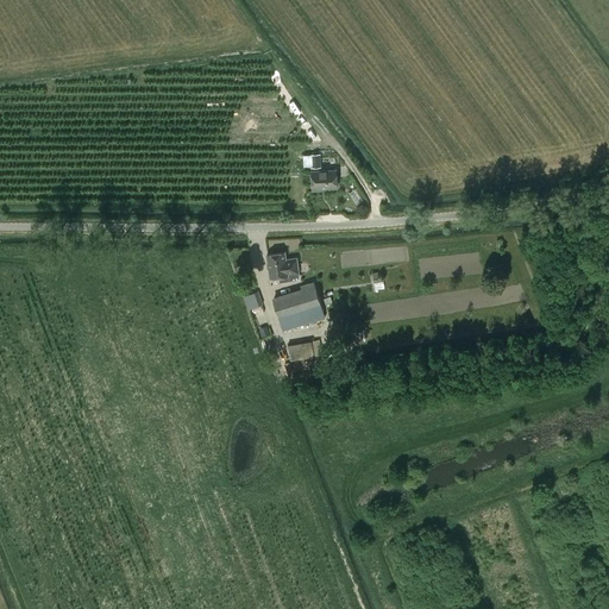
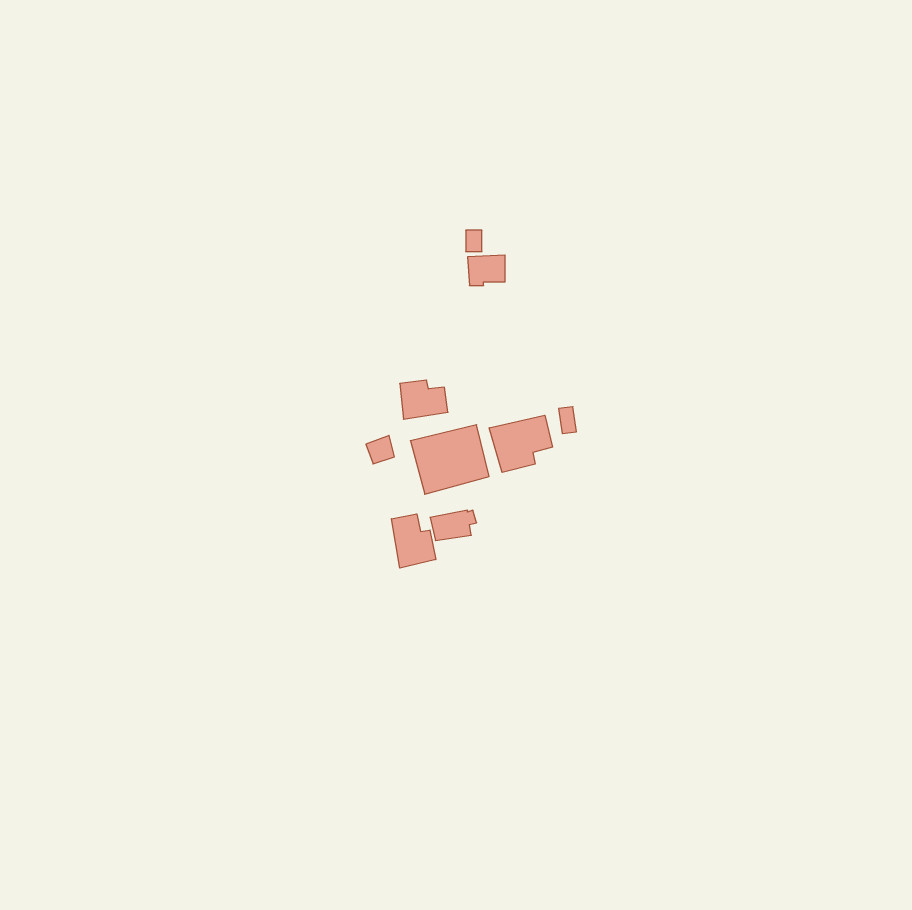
building: none -> [489,415,552,472]
building: none -> [391,514,436,568]

